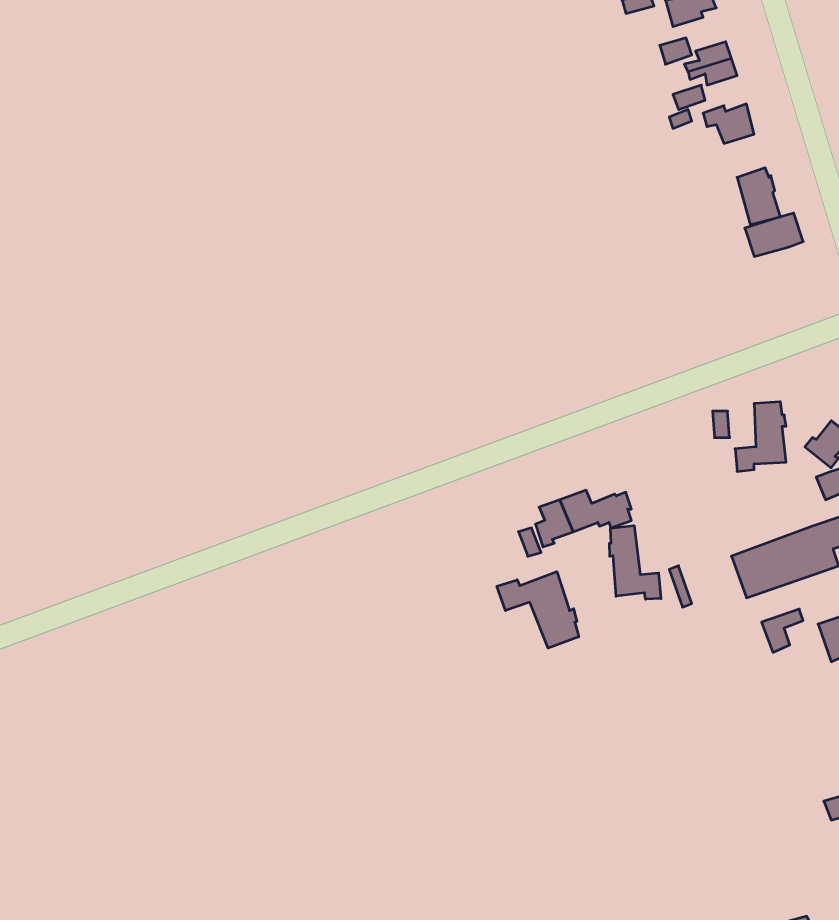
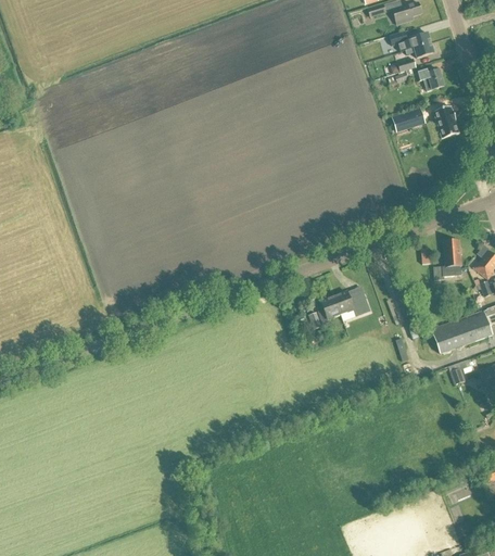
building: [745,213,803,256] -> [392,106,426,131]
building: [609,526,661,599] -> none
building: [497,572,579,648] -> none

